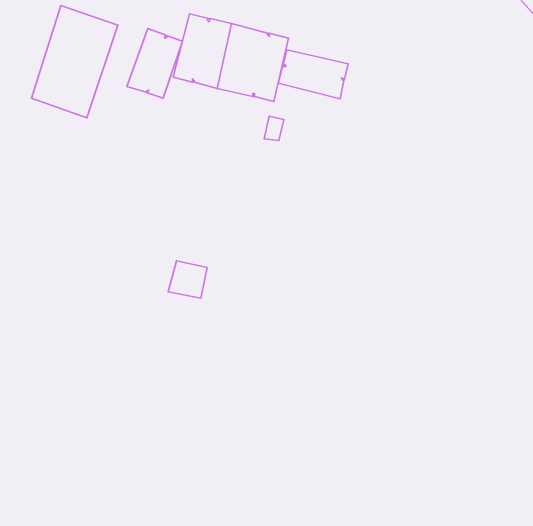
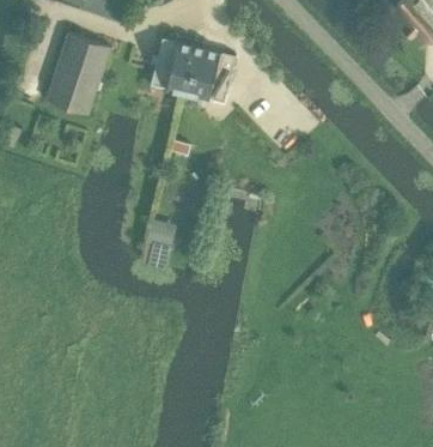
building: [127,29,182,98] -> none
building: [278,50,348,99] -> none

